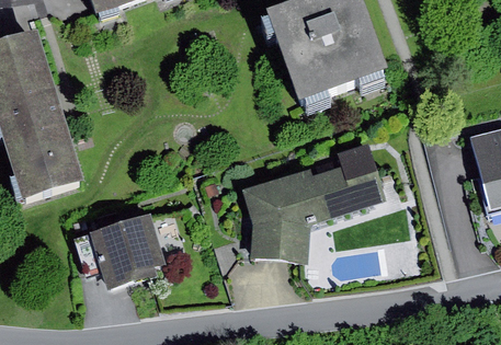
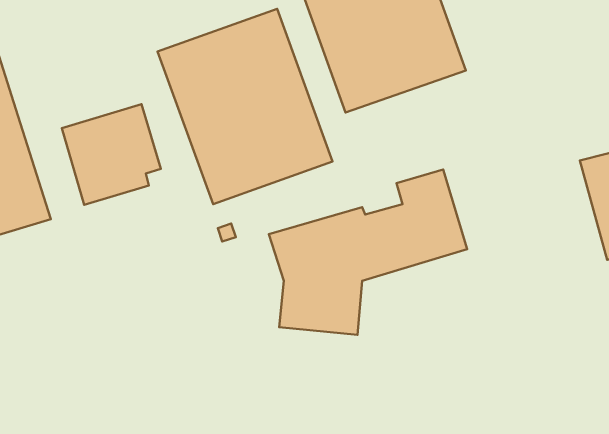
building: none -> [157,9,333,204]
building: [92,216,164,289] -> [62,104,161,205]

